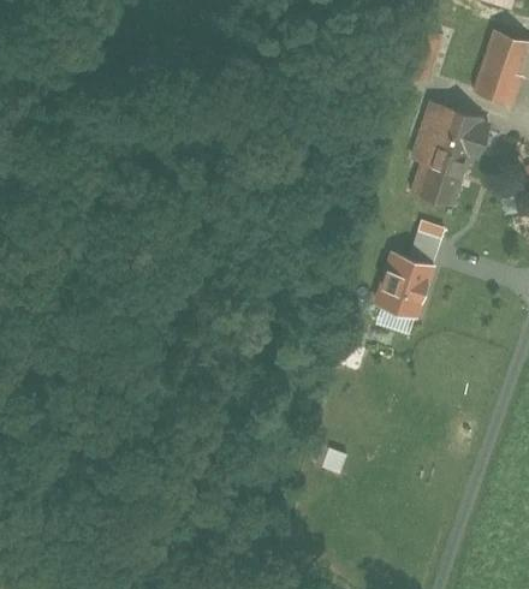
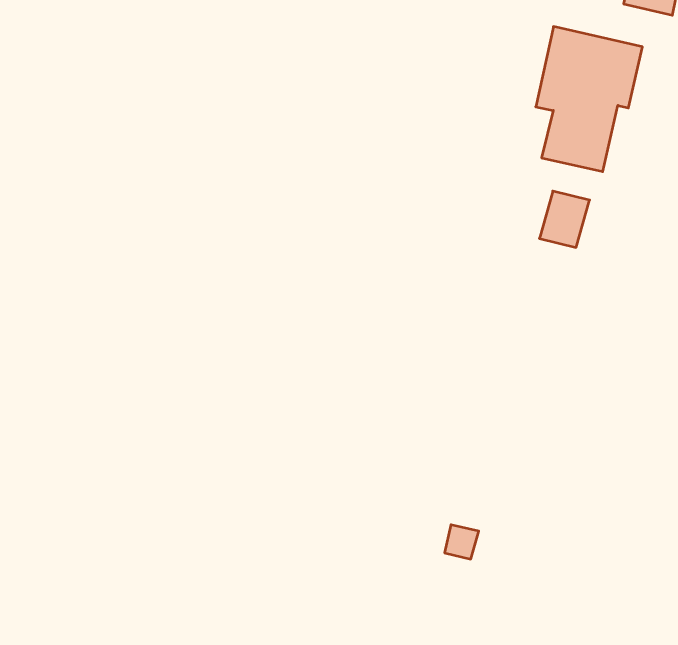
building: [376,250,434,315] -> none

